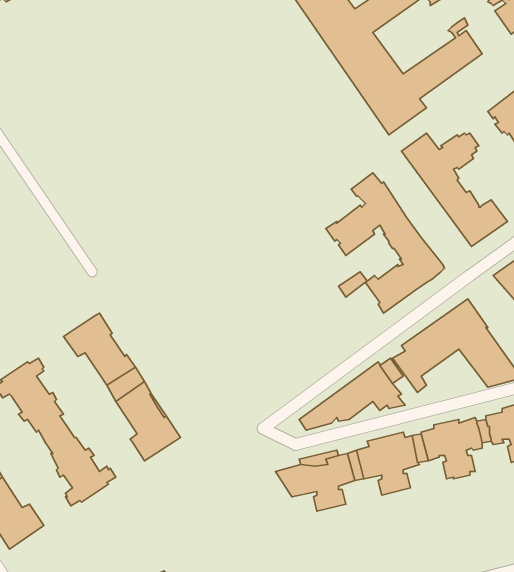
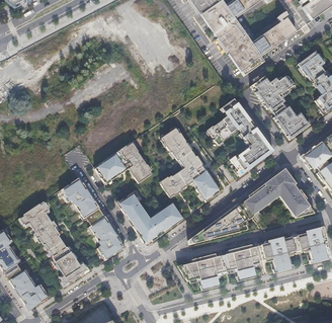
building: none -> [160,127,219,200]
building: none -> [94,142,151,182]
building: none -> [116,188,182,243]

